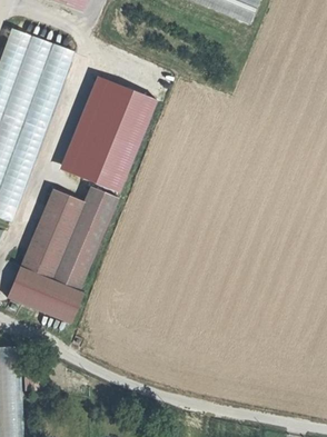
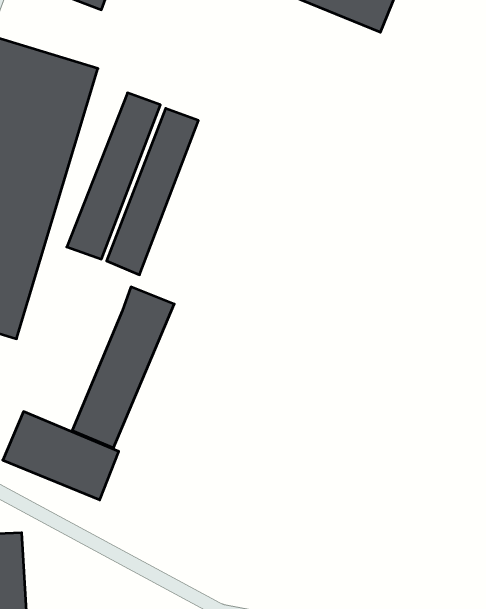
building: [100,81,160,188] -> none
building: [22,189,86,279] -> none

